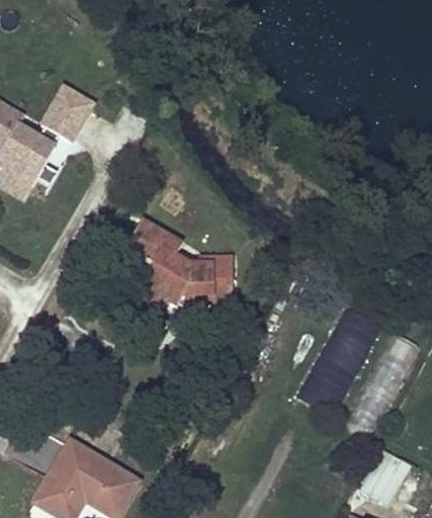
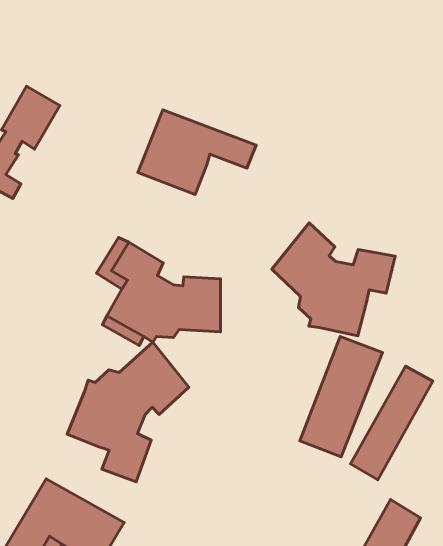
building: none -> [138,110,256,195]
building: none -> [272,223,395,336]
building: none -> [67,342,189,482]

